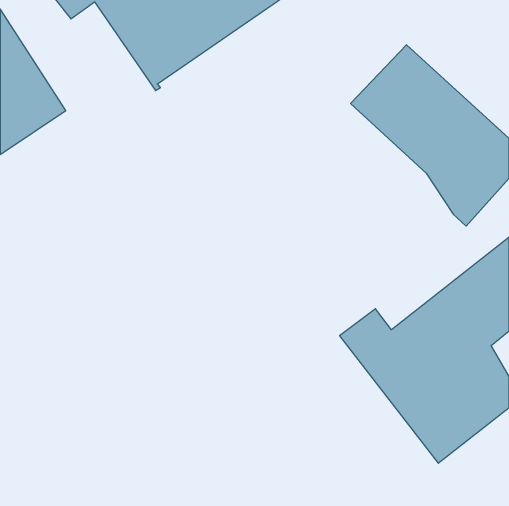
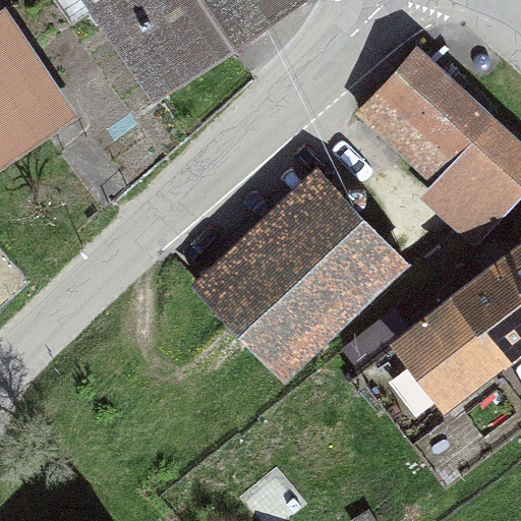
building: none -> [219,189,405,373]

